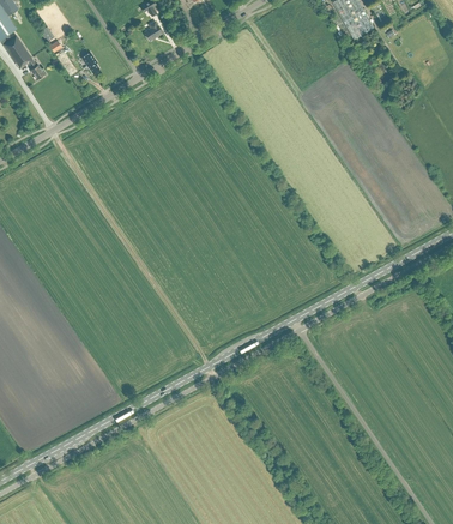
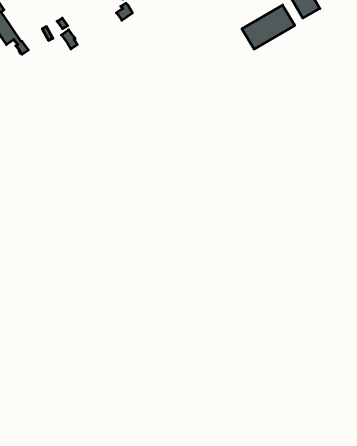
building: none -> [242,5,295,49]

